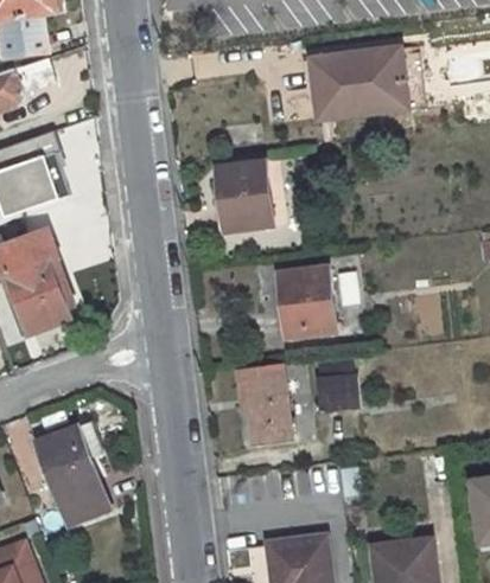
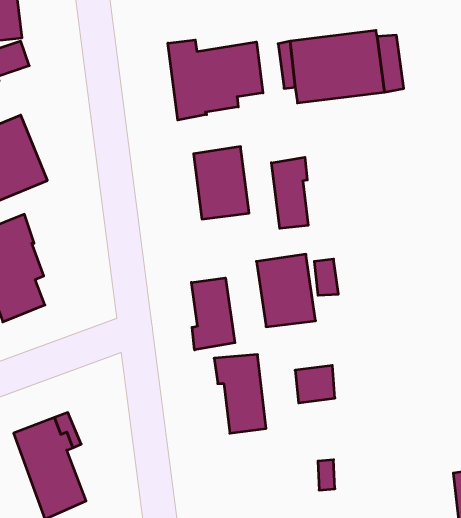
building: none -> [168,40,263,120]
building: none -> [271,157,308,228]
building: none -> [191,278,235,350]

